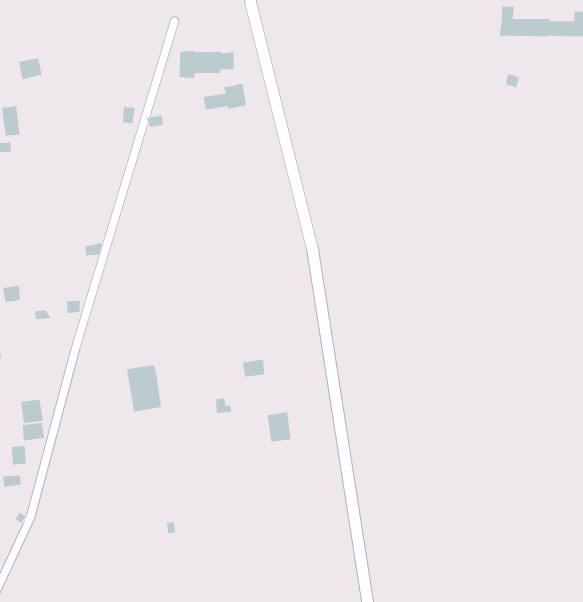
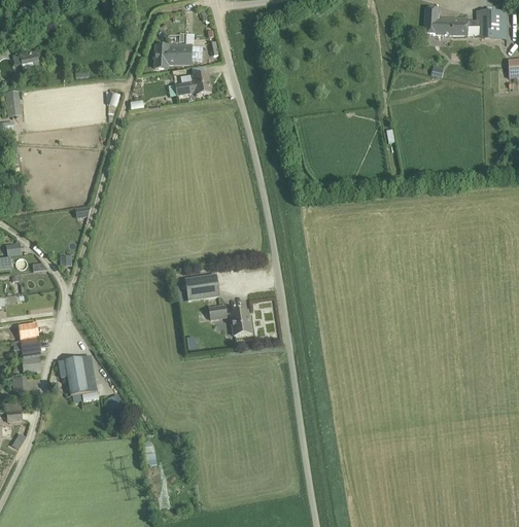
building: none -> [184,273,218,298]
building: [126,364,162,412] -> [64,354,94,394]
building: [267,411,291,442] -> [230,308,250,333]

